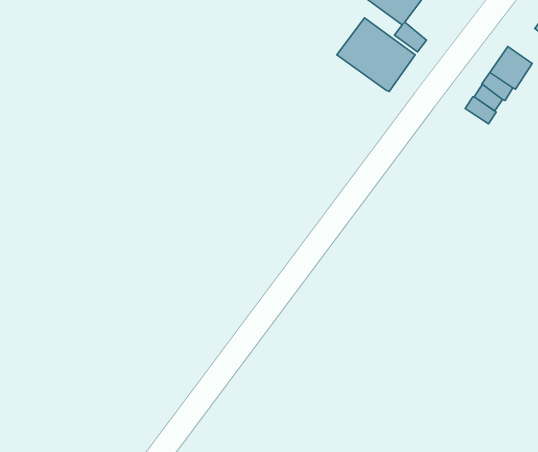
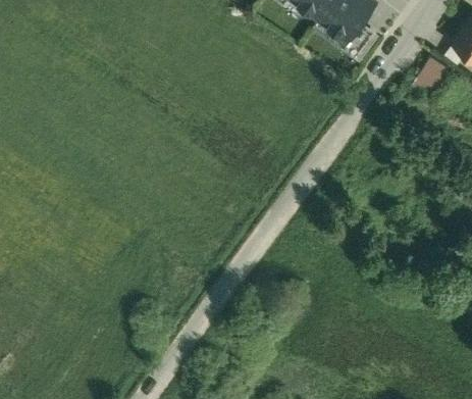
building: [337,18,415,92] -> none

